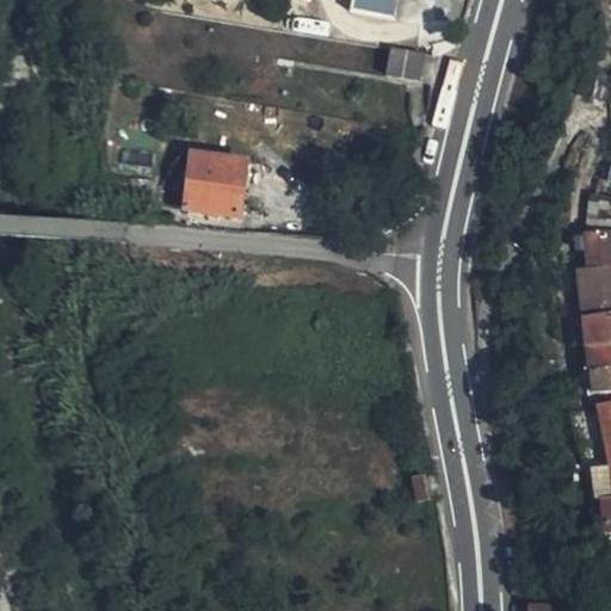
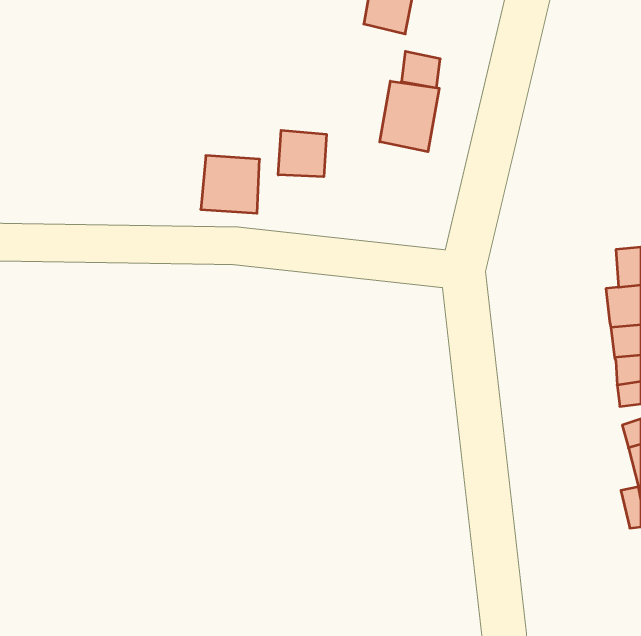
building: none -> [380,81,439,152]
building: none -> [278,130,326,177]

